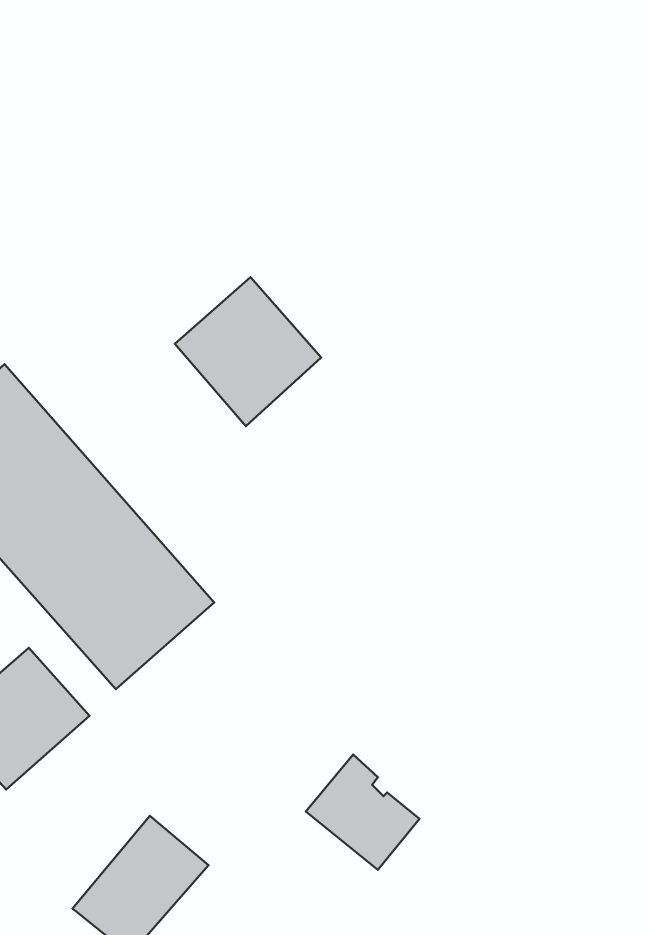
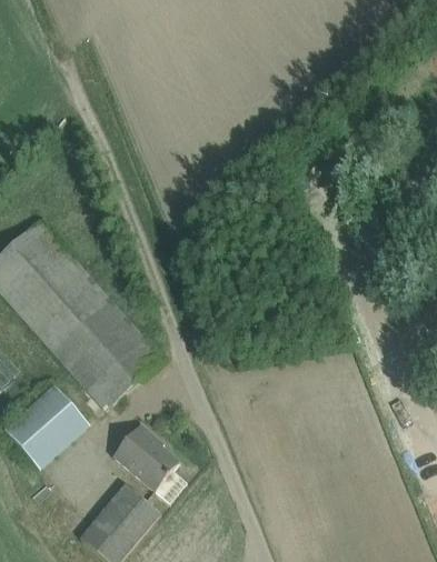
building: [175,277,321,426] -> none
building: [306,755,419,870] -> [112,422,179,490]

